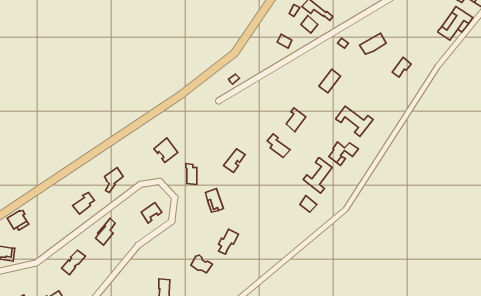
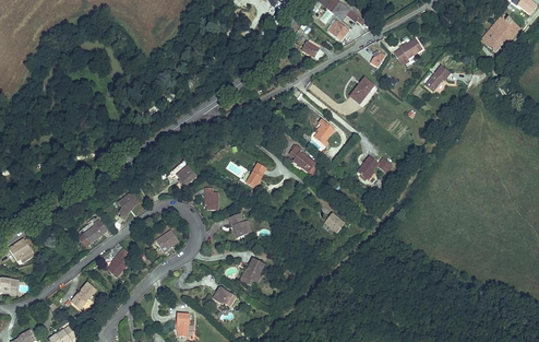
building: [336,106,373,136] -> none
building: [303,158,332,193] -> none

